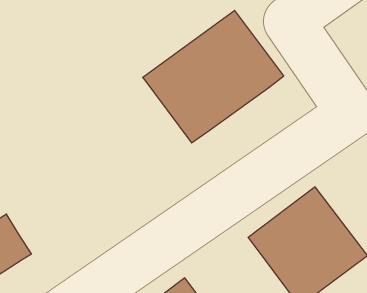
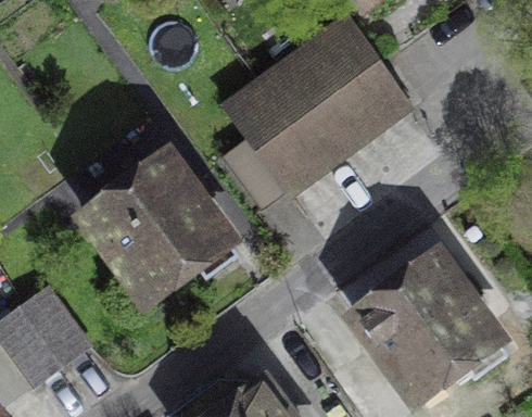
building: none -> [92,150,255,306]

